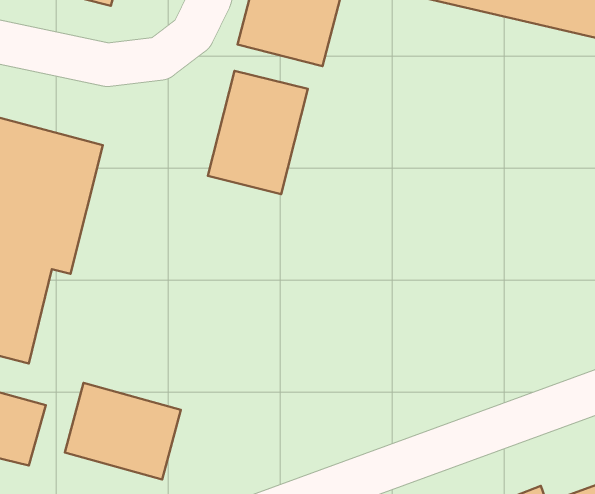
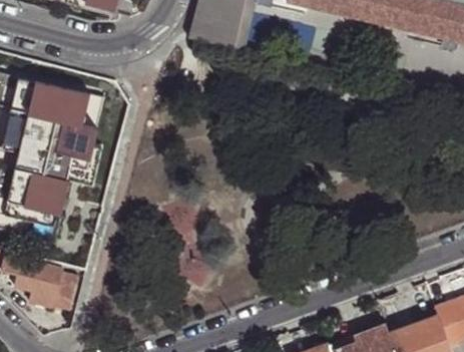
building: [208,71,308,194] -> none
building: [65,383,181,479] -> none

